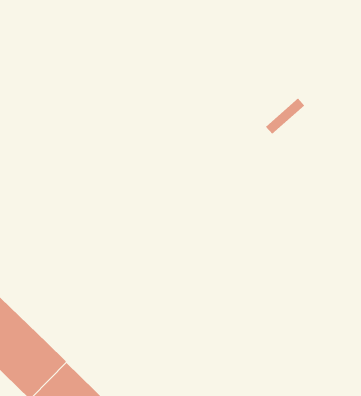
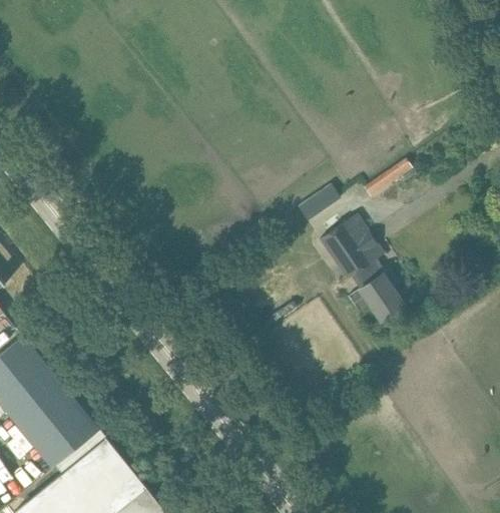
building: none -> [297,184,340,221]
building: none -> [320,214,403,322]

